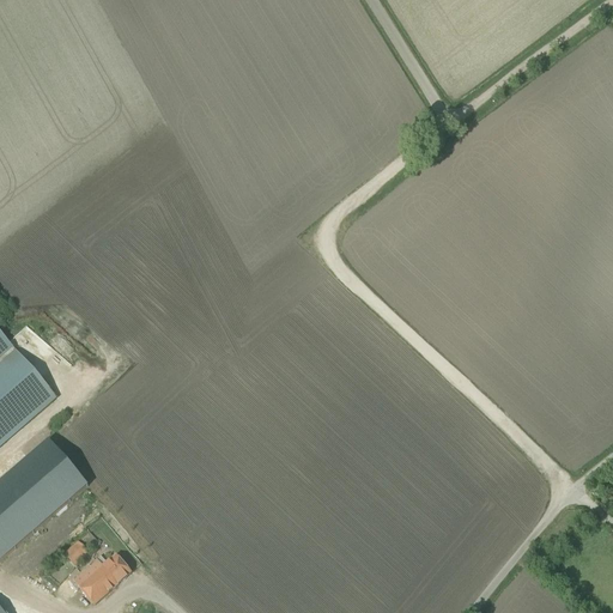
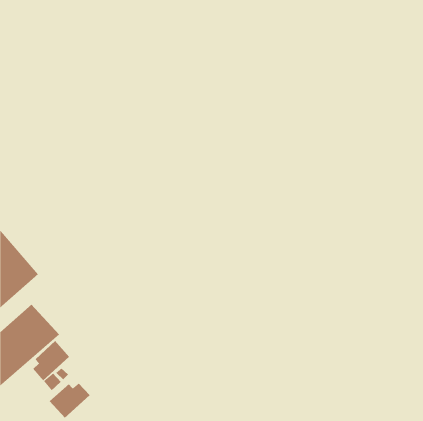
building: none -> [32,340,70,381]

